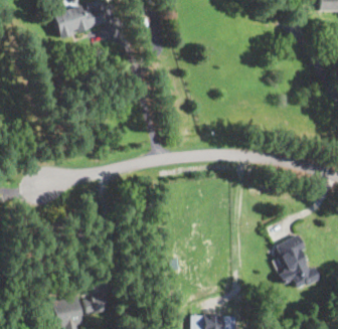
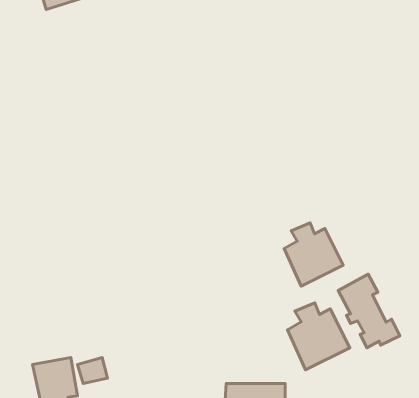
building: none -> [284,223,343,286]
building: none -> [288,303,350,370]

